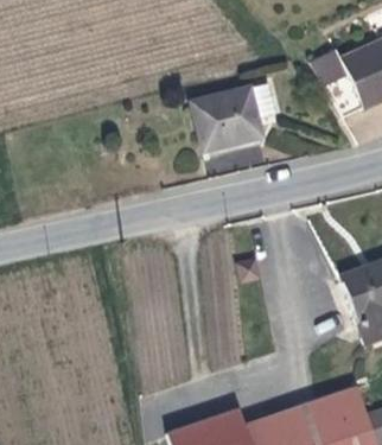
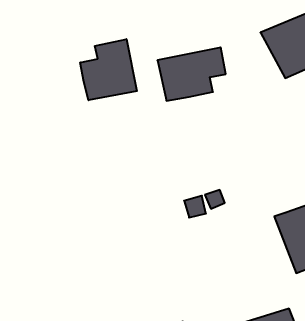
building: none -> [80,39,137,100]

